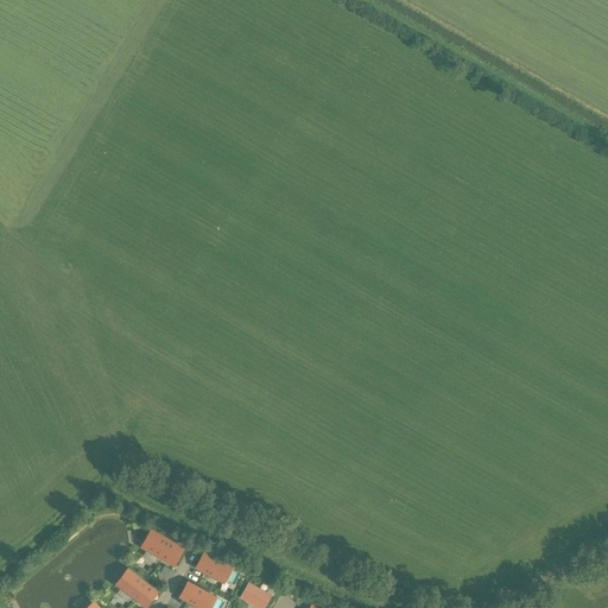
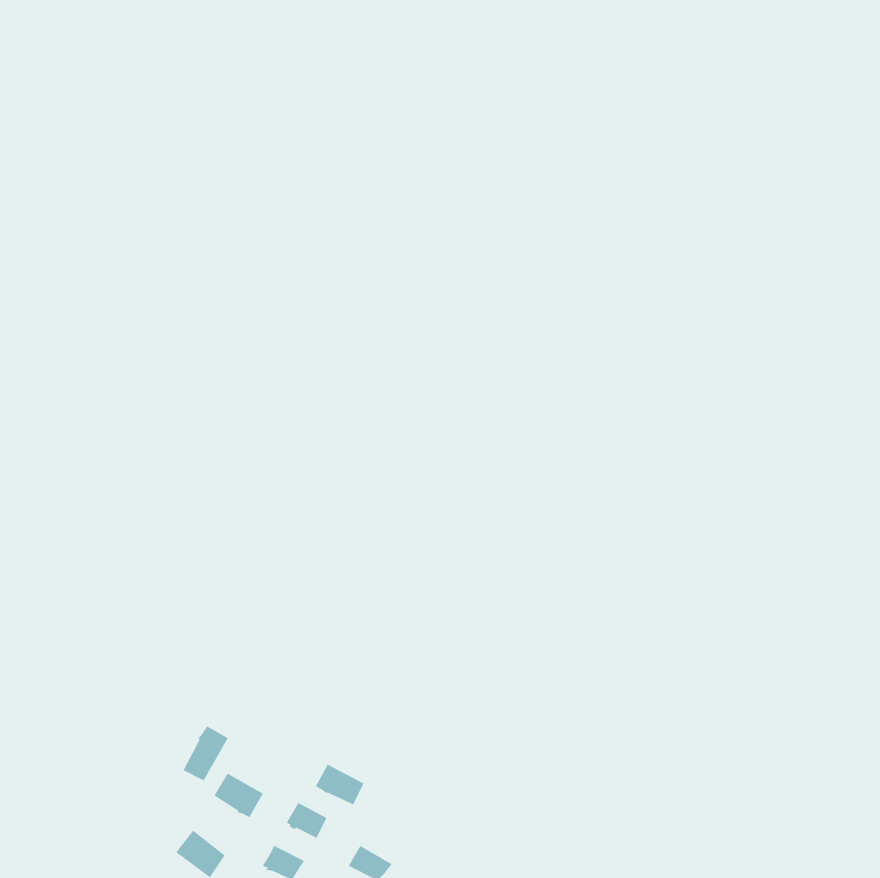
building: none -> [183,725,229,781]
building: none -> [315,764,364,805]

